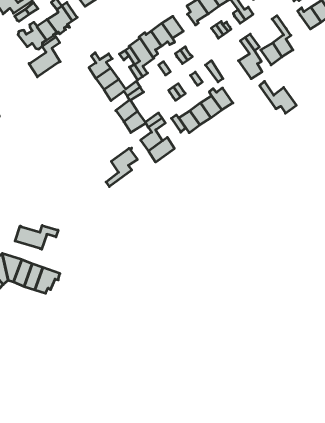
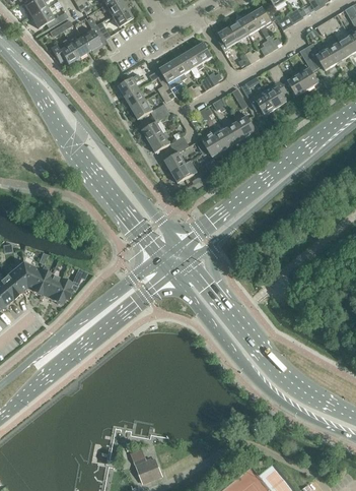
building: none -> [305,43,337,69]
building: [29,37,60,77] -> none
building: [260,81,296,113] -> [241,81,276,114]
building: [106,148,137,187] -> none
building: [15,225,58,249] -> none

